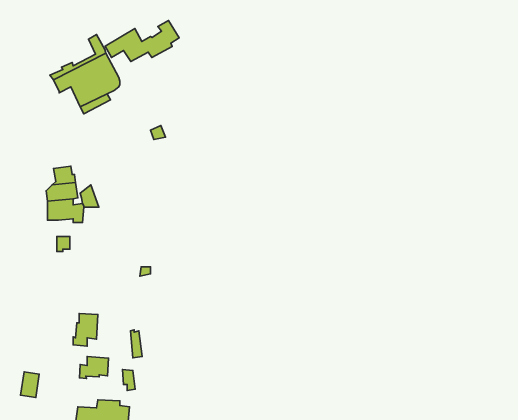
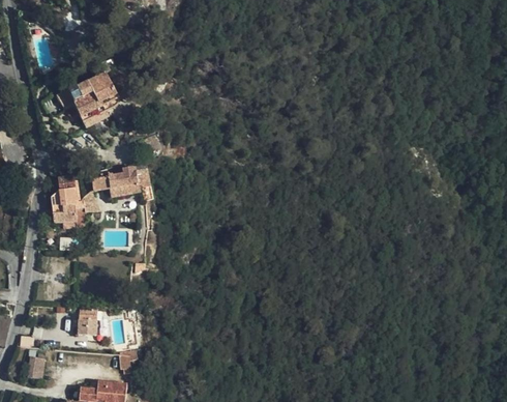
building: [105,20,179,61] -> none
building: none -> [91,164,151,200]
building: [79,356,109,379] -> none

